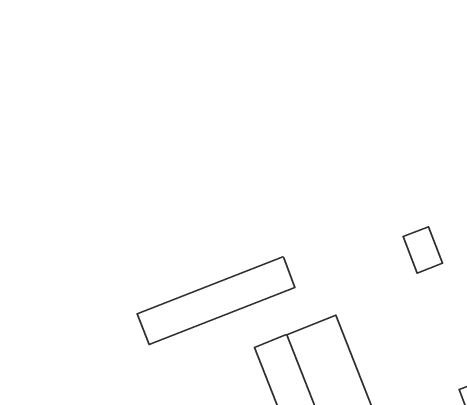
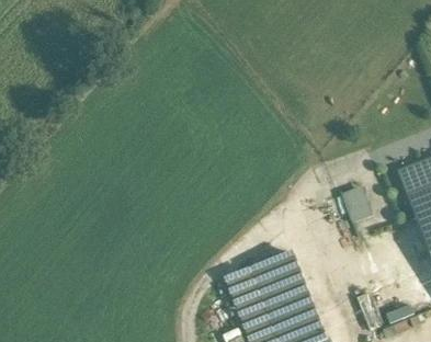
building: [137,257,295,345] -> none

